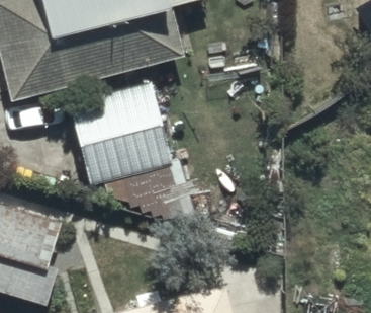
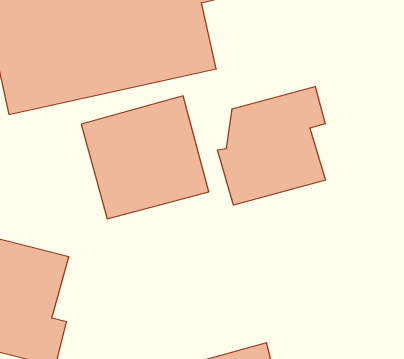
building: none -> [218,86,326,205]

